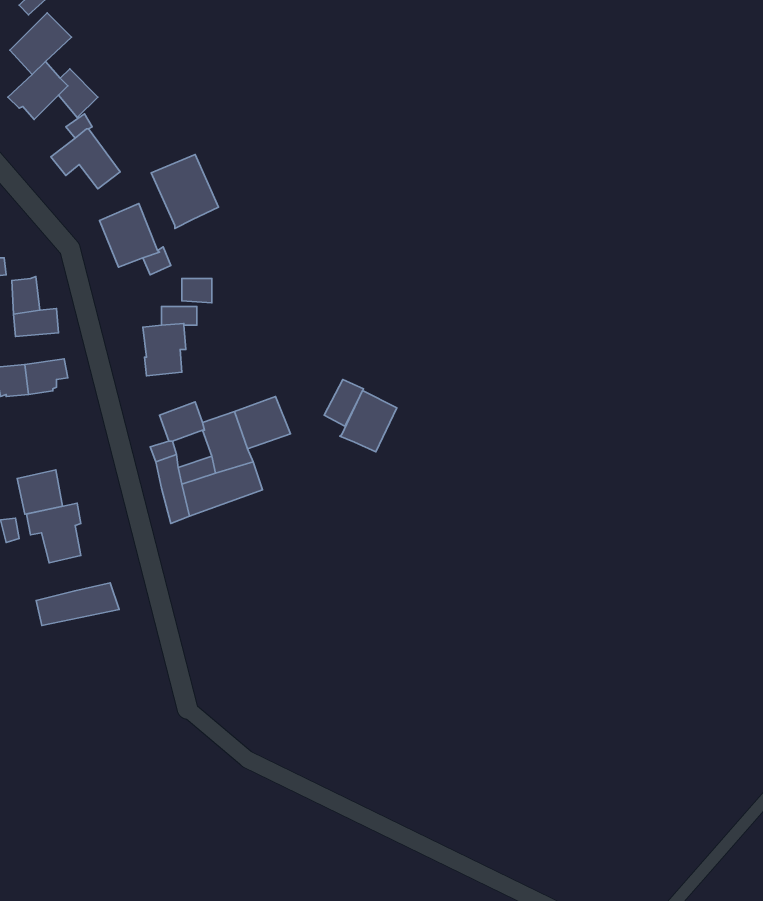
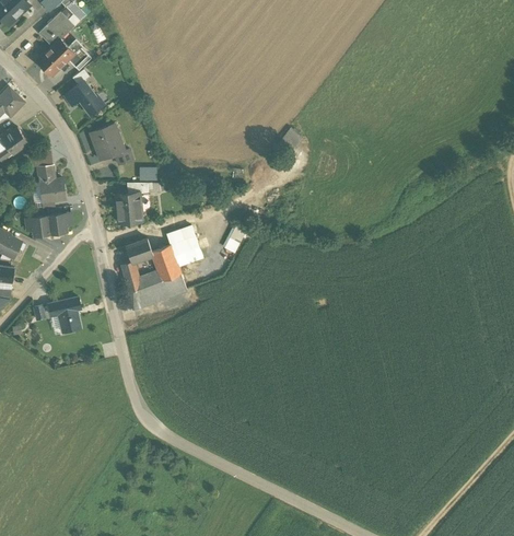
building: [151,155,219,229] -> none
building: [340,391,397,452] -> none
building: [17,470,62,514] -> none
building: [36,583,119,625] -> none

